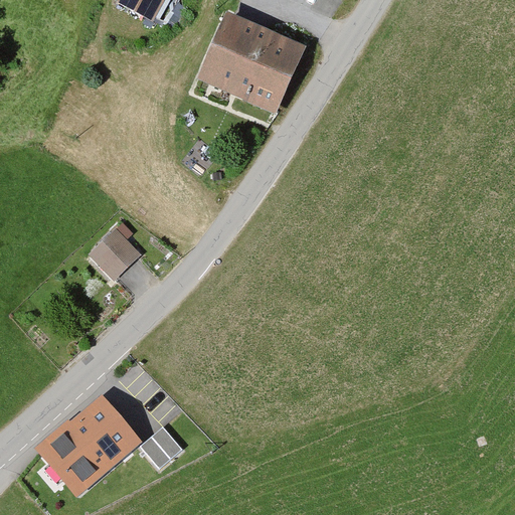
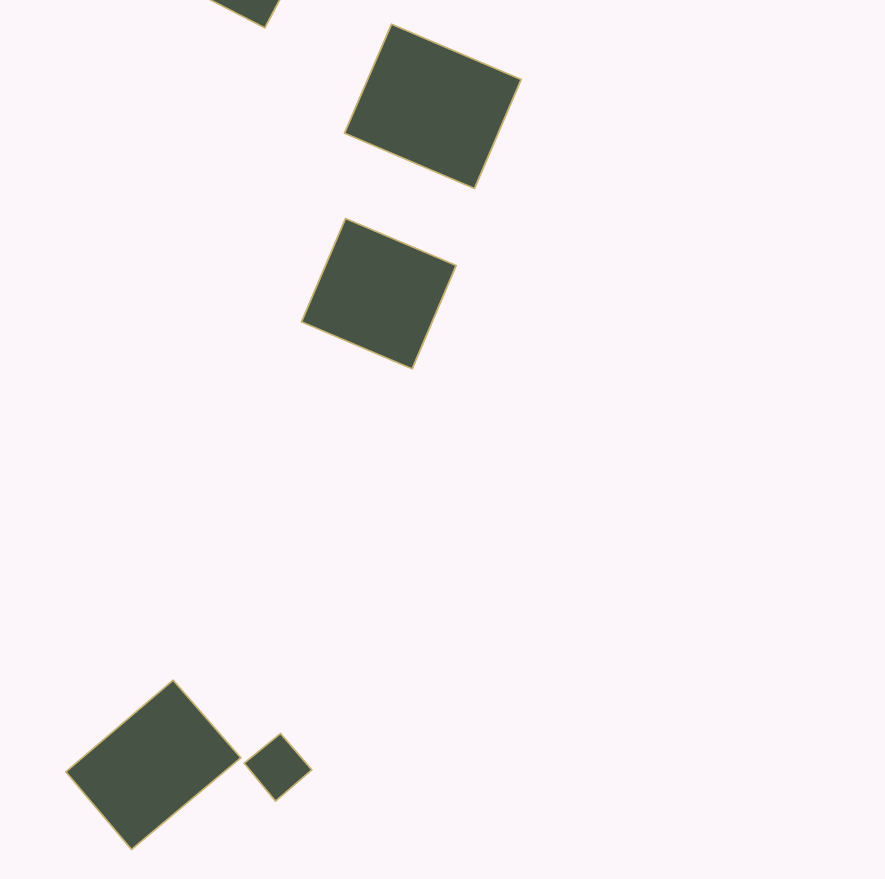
building: none -> [302,218,456,369]
building: [91,228,139,277] -> none

